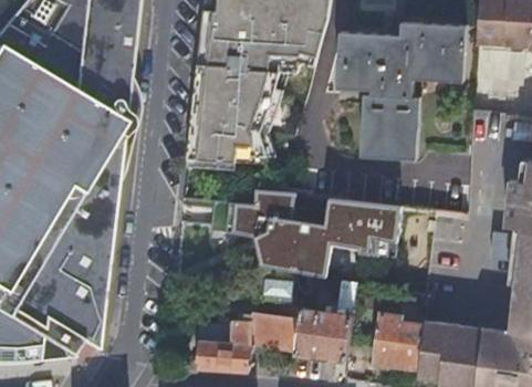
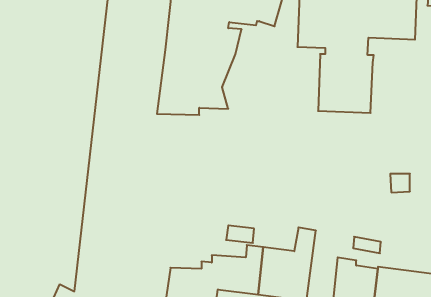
building: [226,188,400,279] -> none

